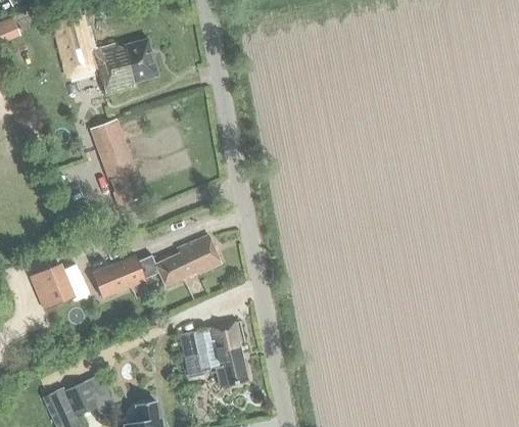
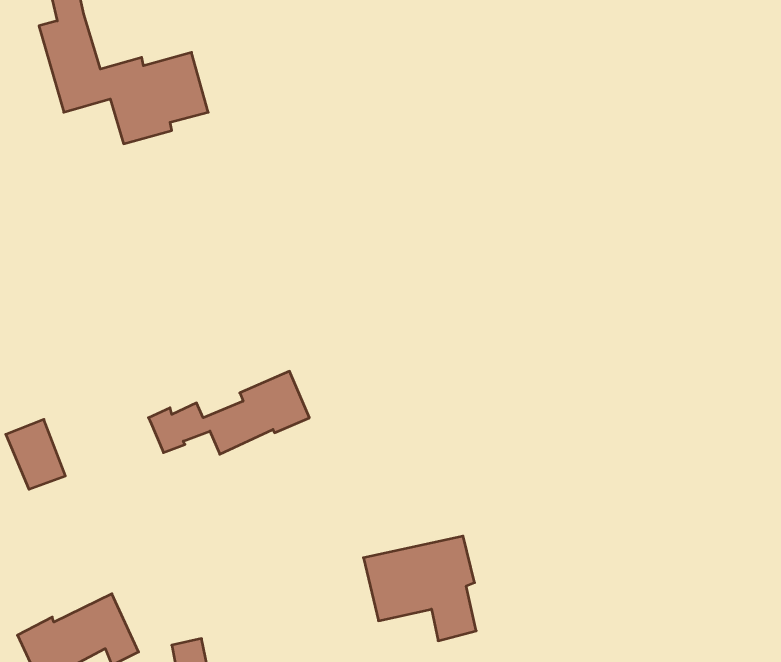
building: [92,121,142,204] -> none
building: [93,266,131,298] -> none
building: [178,321,247,385] -> [363,536,476,641]

